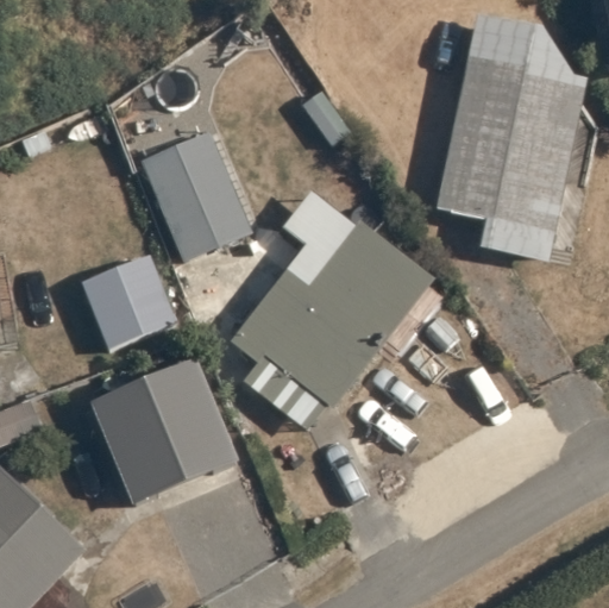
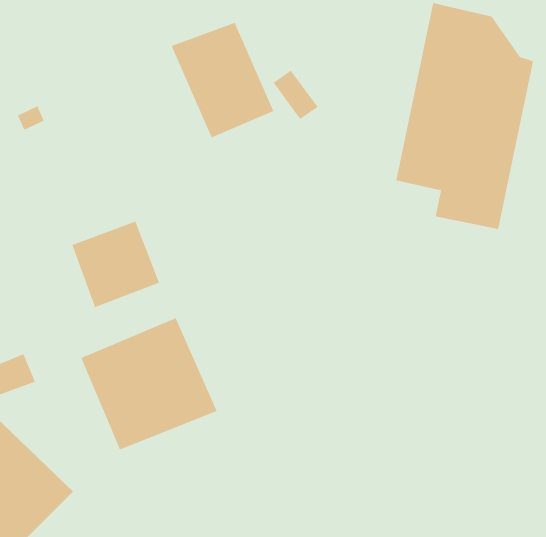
building: [139,131,252,258] -> [171,22,274,138]
building: [228,218,435,428] -> none

